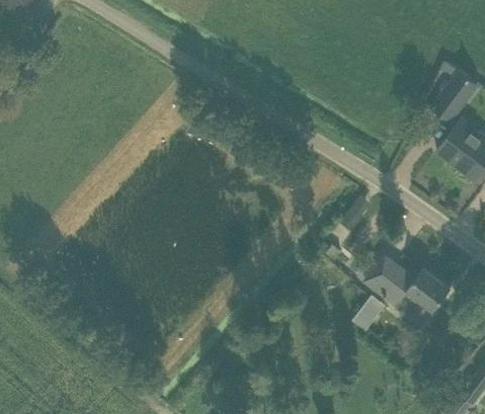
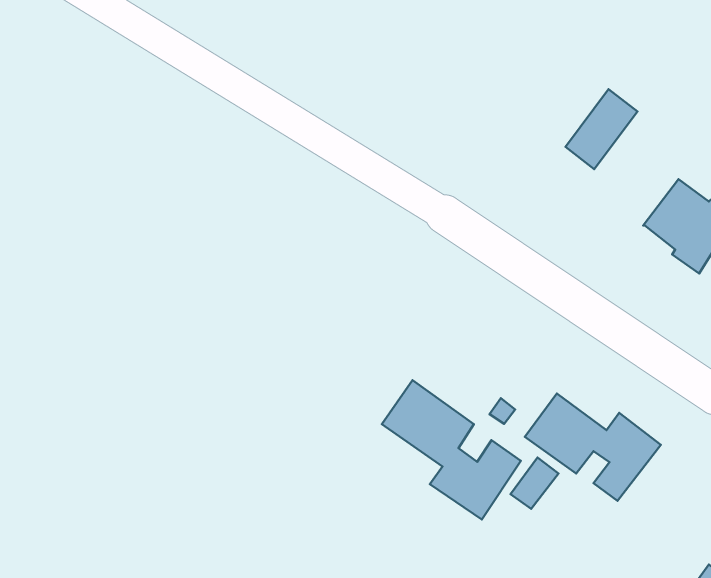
building: [430,71,476,121] -> [565,89,637,169]
building: none -> [382,380,521,520]

